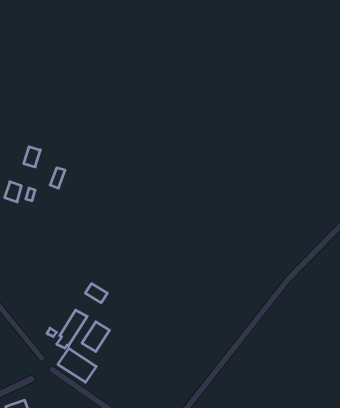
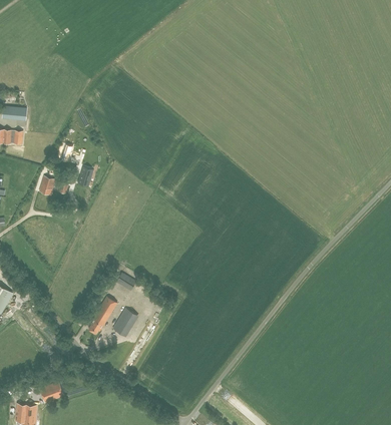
building: [58,349,96,382] -> none

